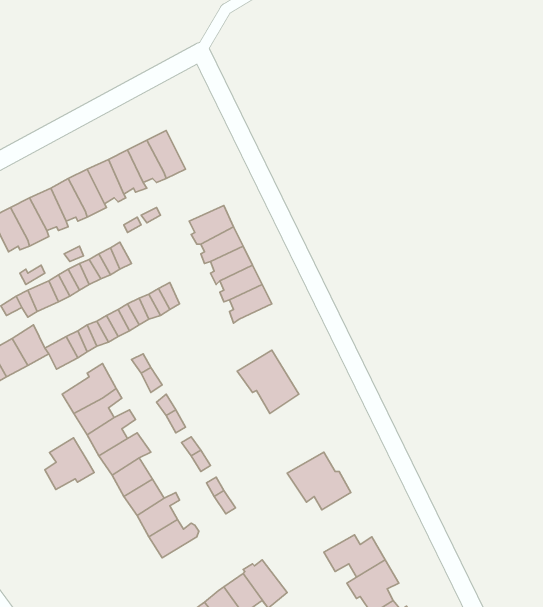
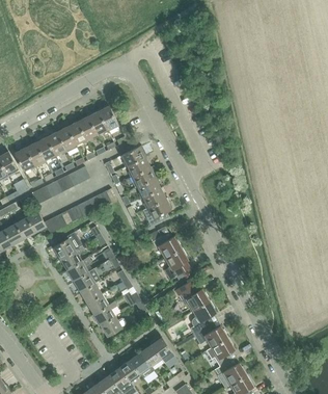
building: none -> [143,199,171,226]
building: none -> [164,247,190,280]
building: [45,438,94,490] -> none
building: none -> [191,300,216,333]

